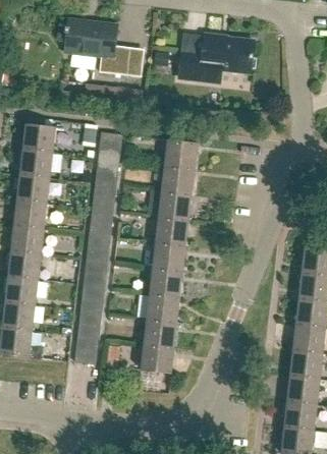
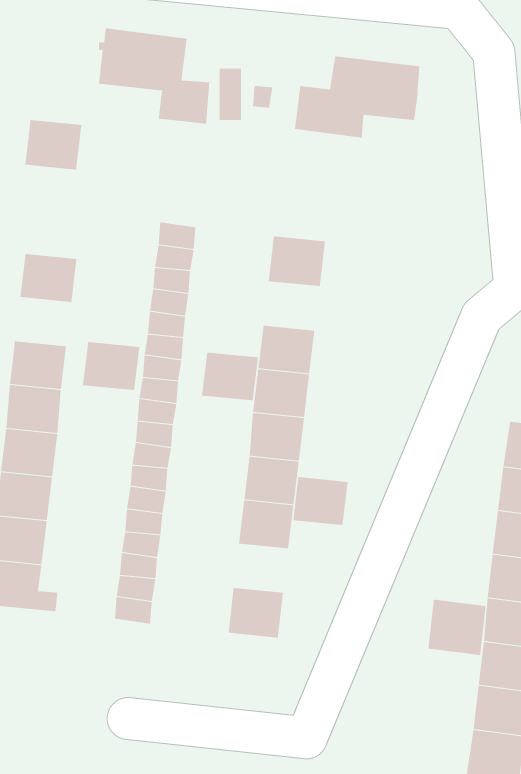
building: [22,123,56,153] -> [24,119,82,170]
building: [161,166,195,194] -> [201,352,259,401]
building: [16,175,50,204] -> [82,342,140,391]
building: [144,319,176,347] -> [292,477,348,526]
building: none -> [428,599,486,656]

